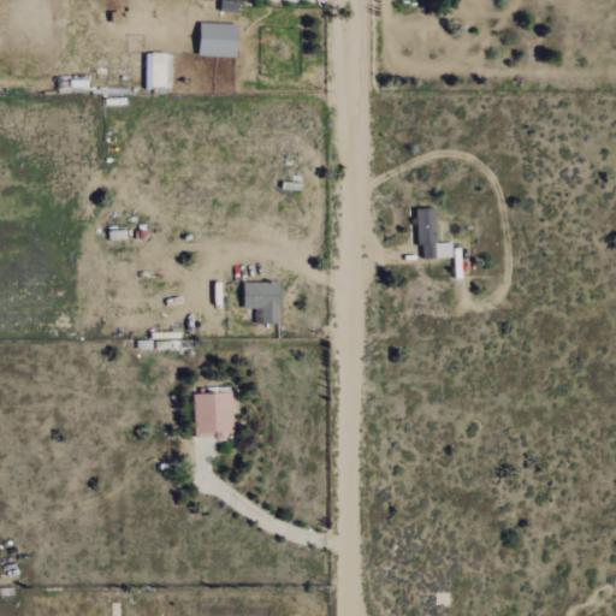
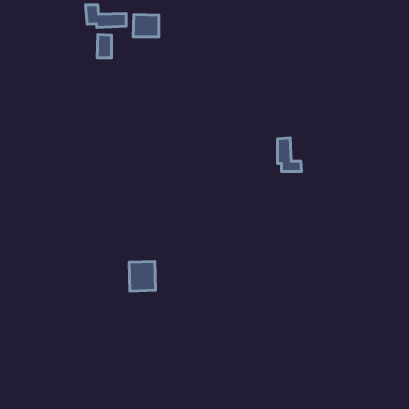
building: none -> [86,5,126,28]
building: [245,282,283,322] -> none

